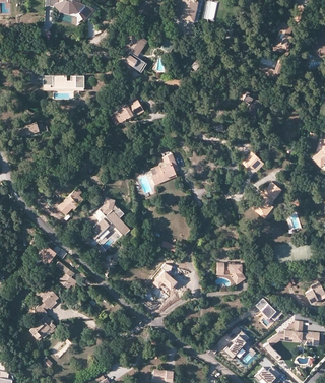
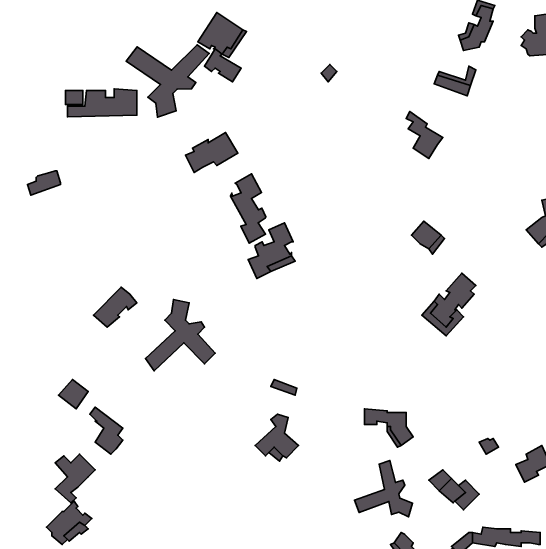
building: none -> [126,45,209,117]
building: none -> [230,174,266,243]
building: none -> [355,461,412,517]

